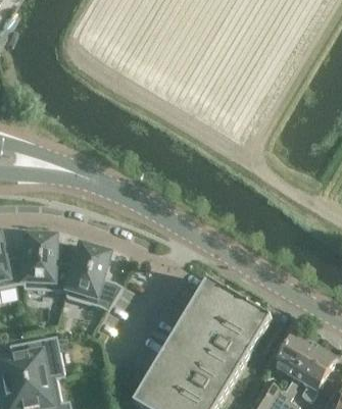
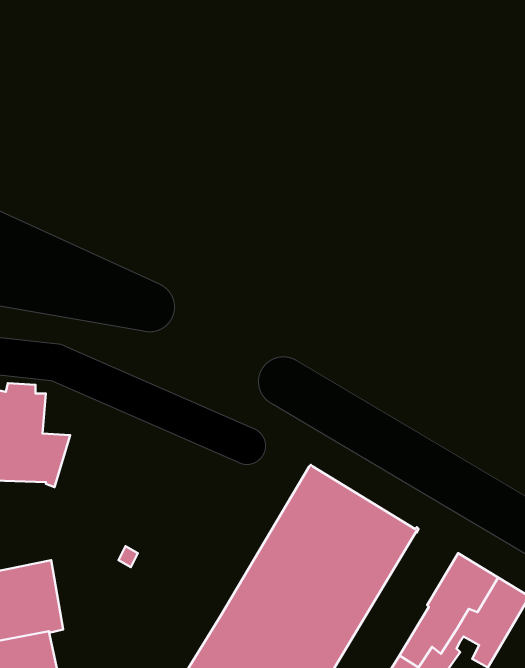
building: [58,243,121,313] -> none

